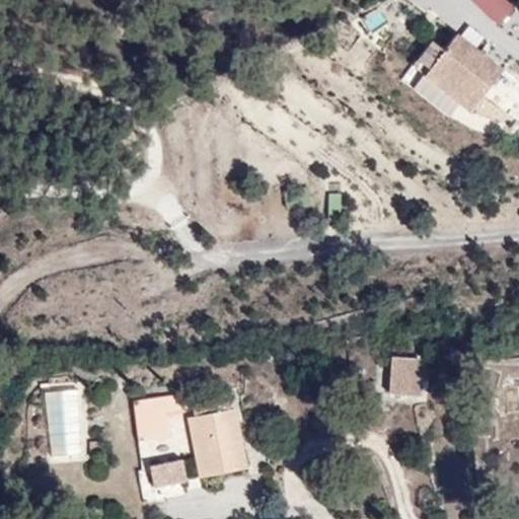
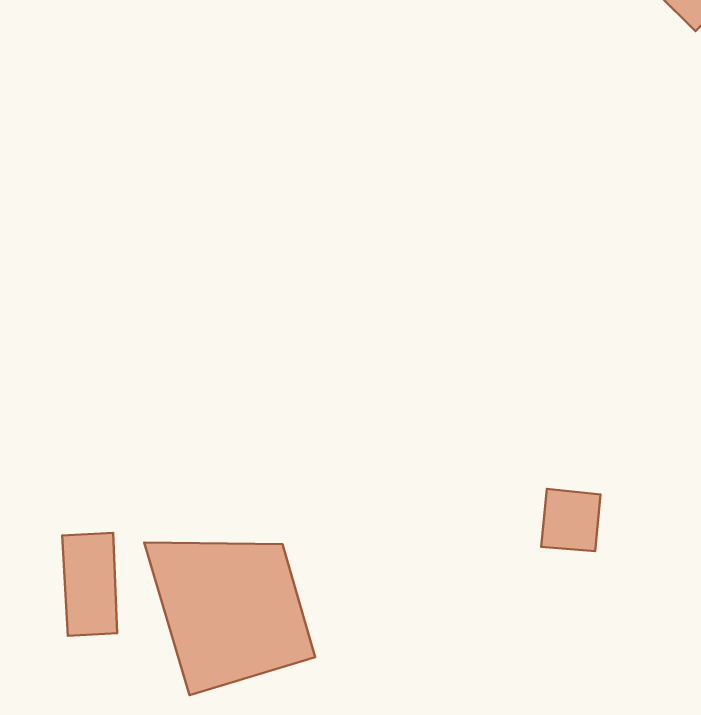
building: [397,27,497,121] -> none

